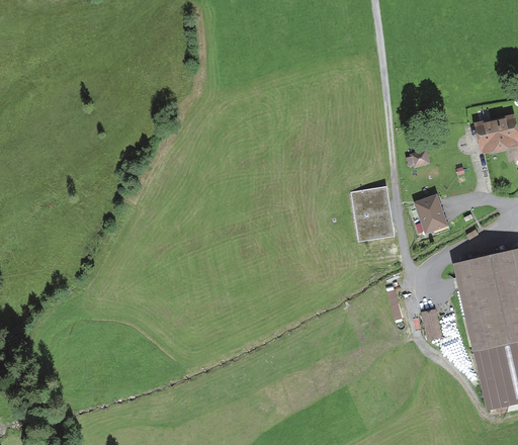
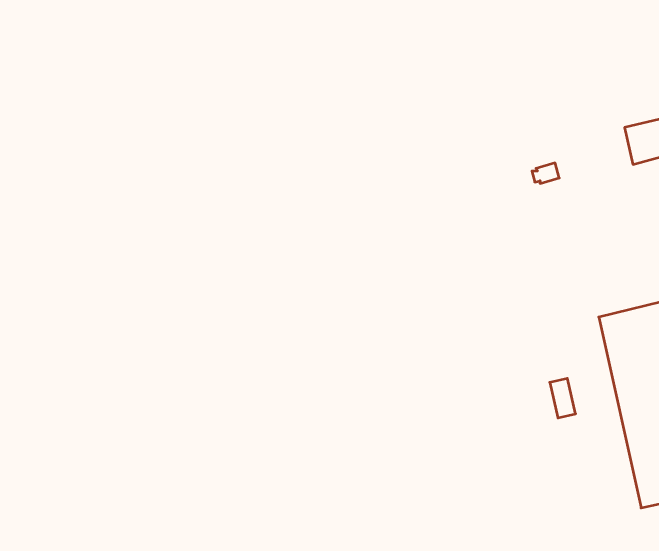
building: [352,187,393,240] -> none
building: [416,195,447,232] -> none

